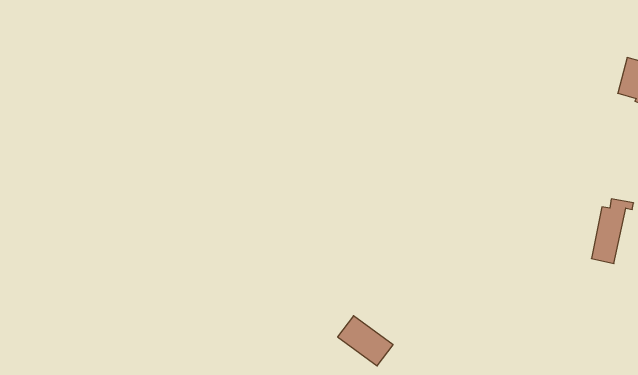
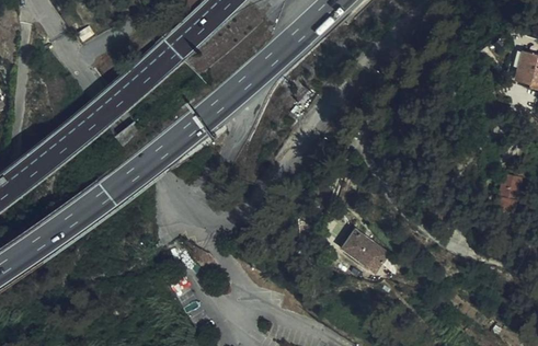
building: [338,316,393,366] -> [342,229,388,270]

